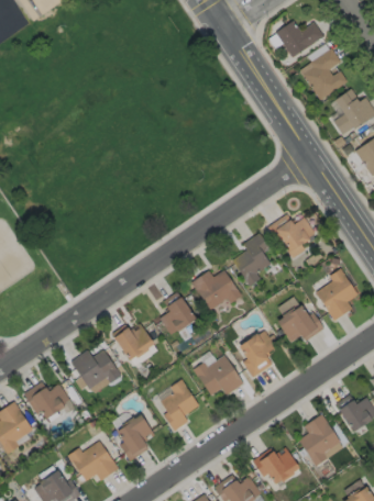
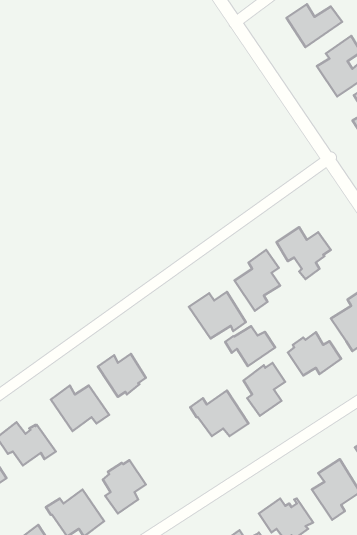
building: [160,291,196,334] -> none
building: none -> [225,326,275,366]
building: [160,379,198,432] -> none

